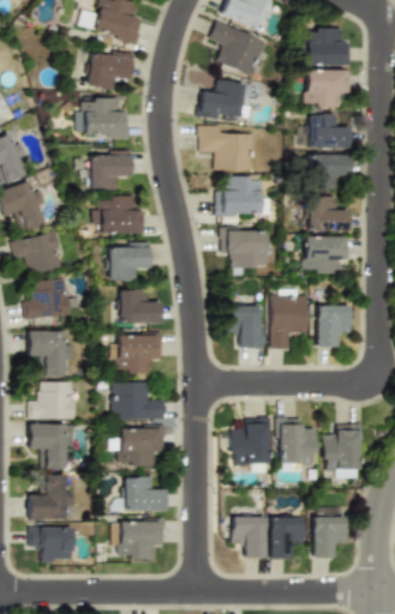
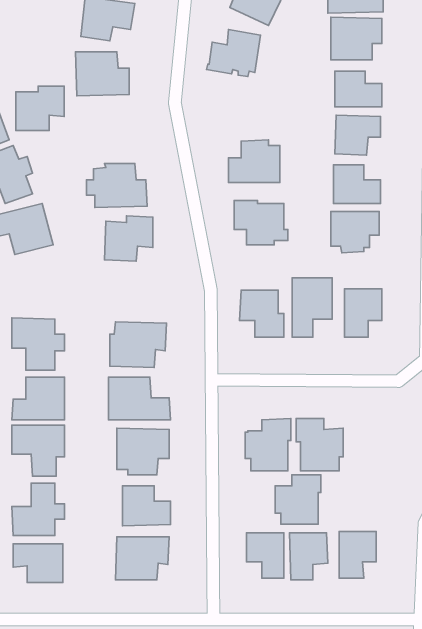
building: [199,126,255,170] -> none
building: [90,150,132,188] -> [16,86,64,130]
building: [24,278,70,318] -> none
building: [119,289,161,323] -> none
building: [322,425,361,468] -> [275,475,321,524]

